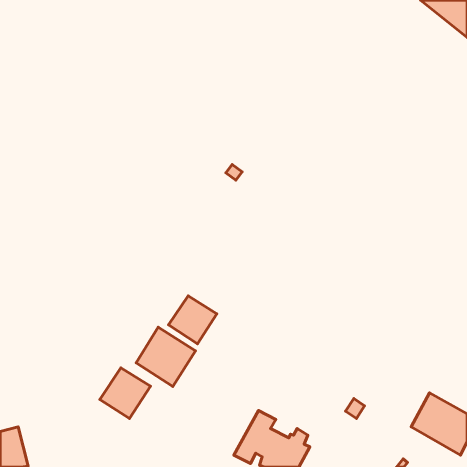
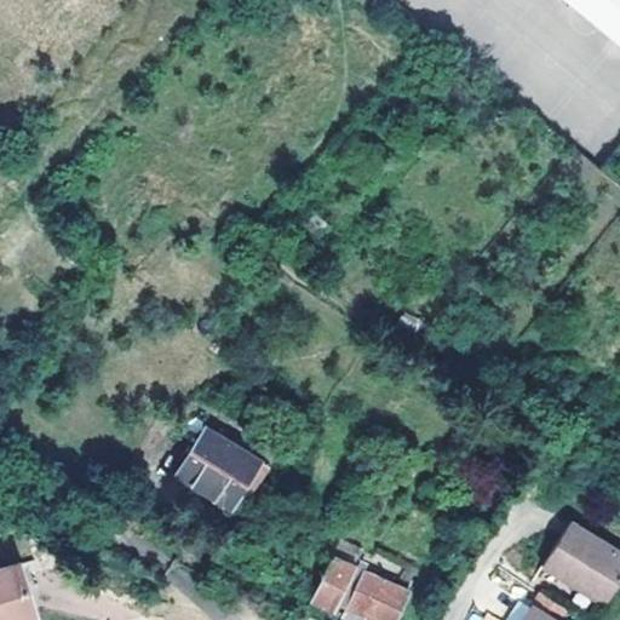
building: [169,296,217,344] -> none
building: [100,368,150,419] -> none

